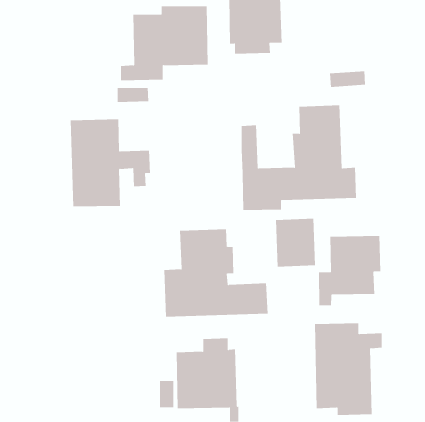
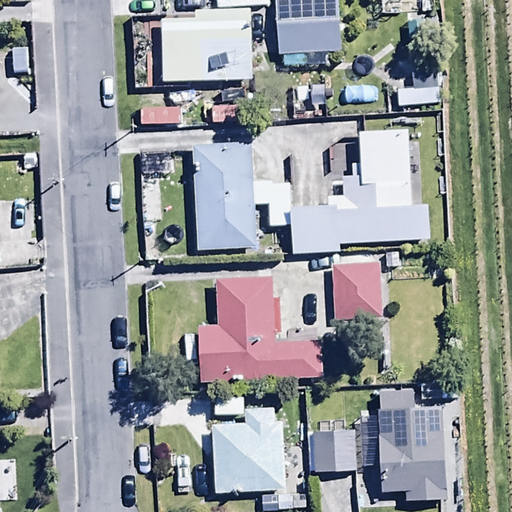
building: [70,119,151,207] -> [194,142,291,248]
building: [319,235,381,306] -> none
building: none -> [308,428,354,471]

